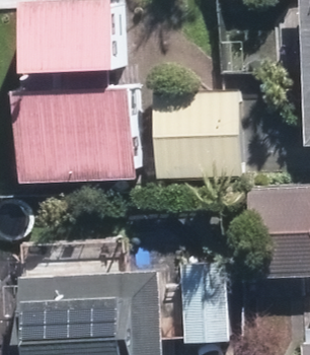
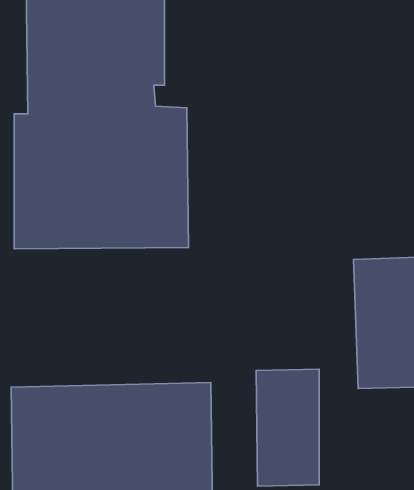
building: [150,89,239,168] -> none

